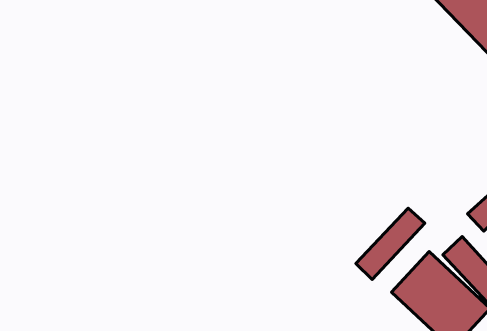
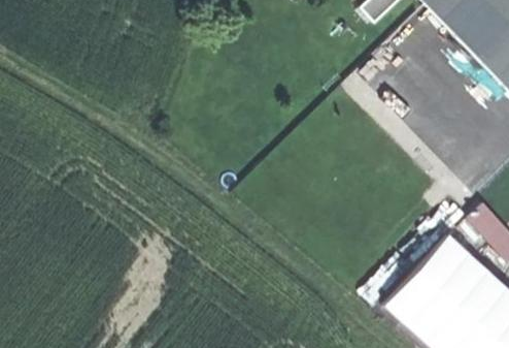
building: [356,208,425,279] -> none

